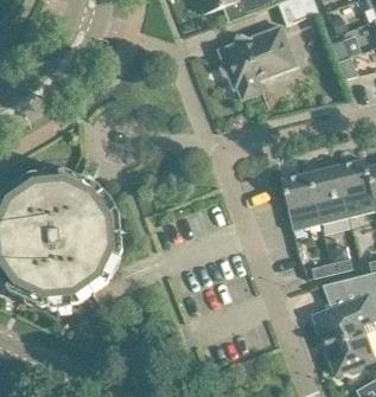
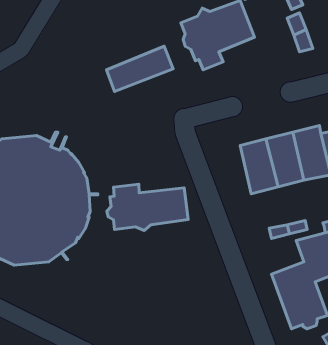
building: none -> [106,46,173,92]
building: none -> [107,184,188,230]

